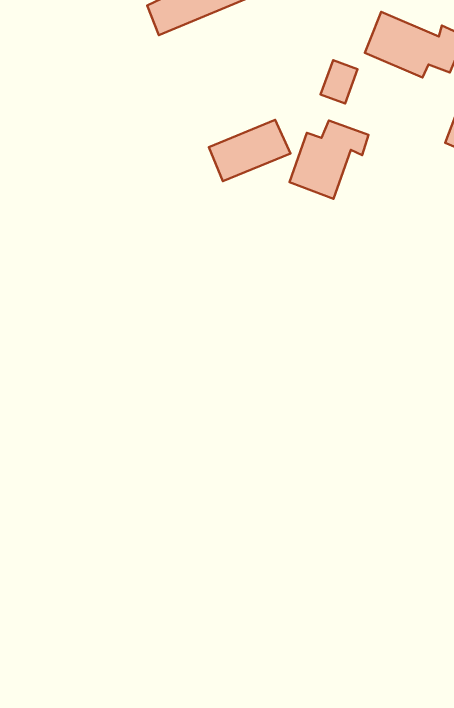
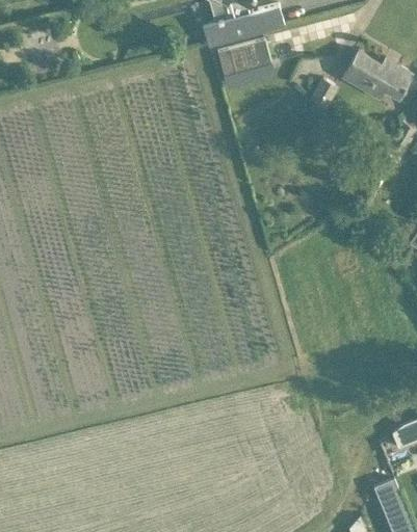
building: [209,120,291,181] -> [217,42,271,78]
building: [289,120,368,199] -> none

